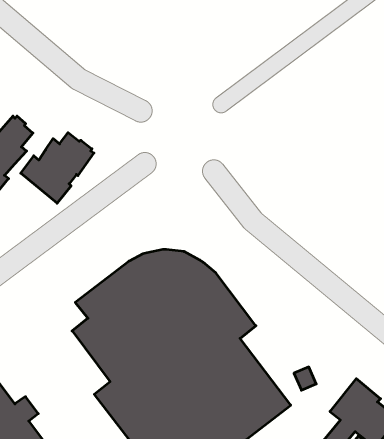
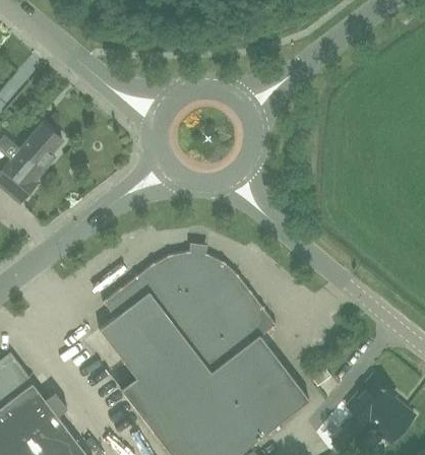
building: [21,133,94,203] -> none

